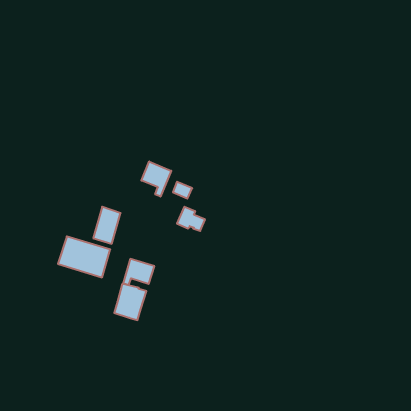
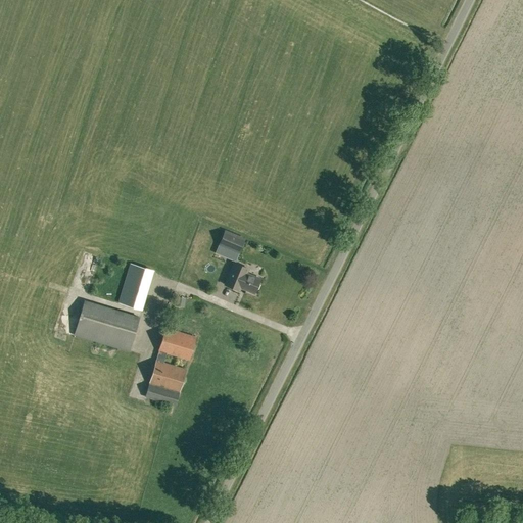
building: [141,161,171,197] -> none

